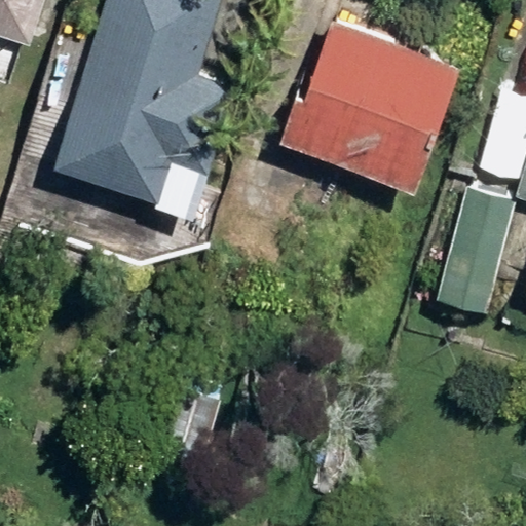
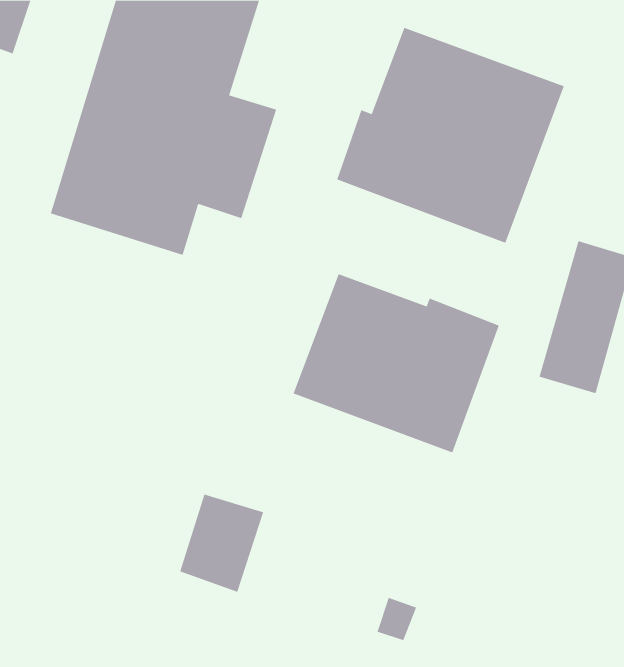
building: none -> [292,273,500,454]

